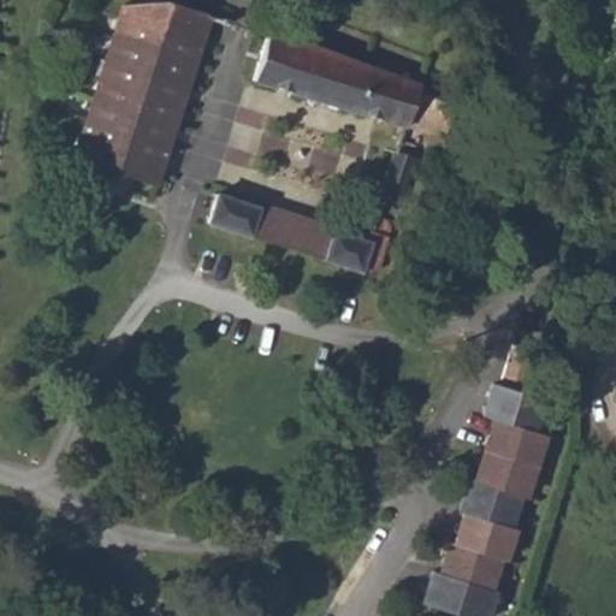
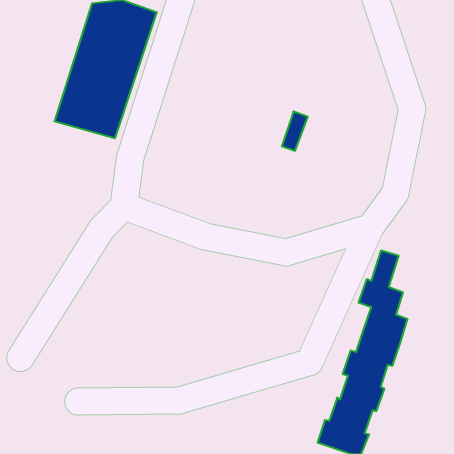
building: [254,34,455,140] -> none
building: [206,191,390,271] -> none

